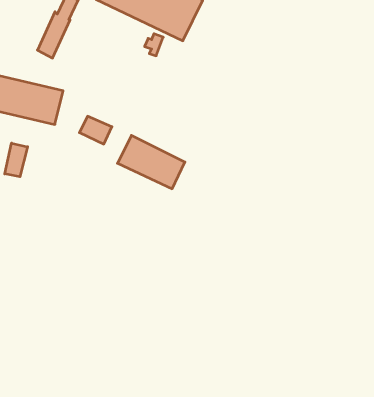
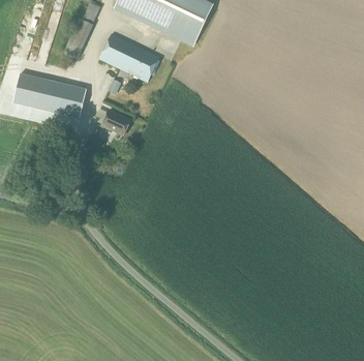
building: [117,135,185,189] -> [99,33,159,81]
building: [5,143,28,177] -> none

